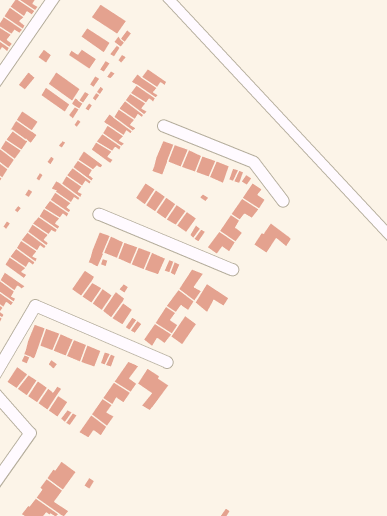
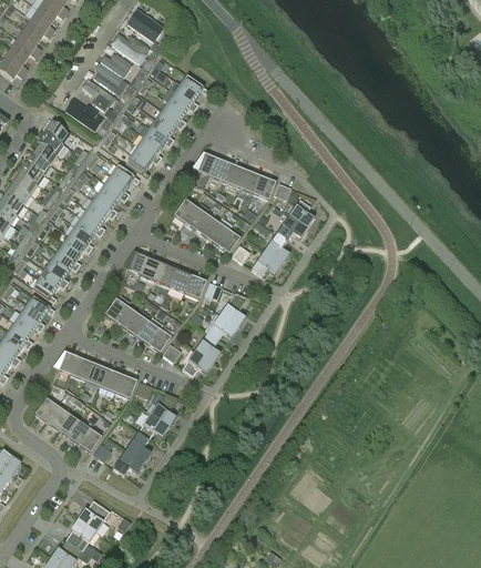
building: none -> [90,62,124,94]
building: [253,222,292,253] -> none
building: [195,283,229,313] -> none
building: [170,315,197,345] -> none
building: [137,368,169,411] -> none

